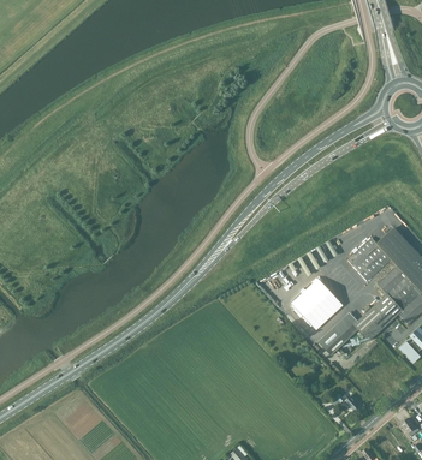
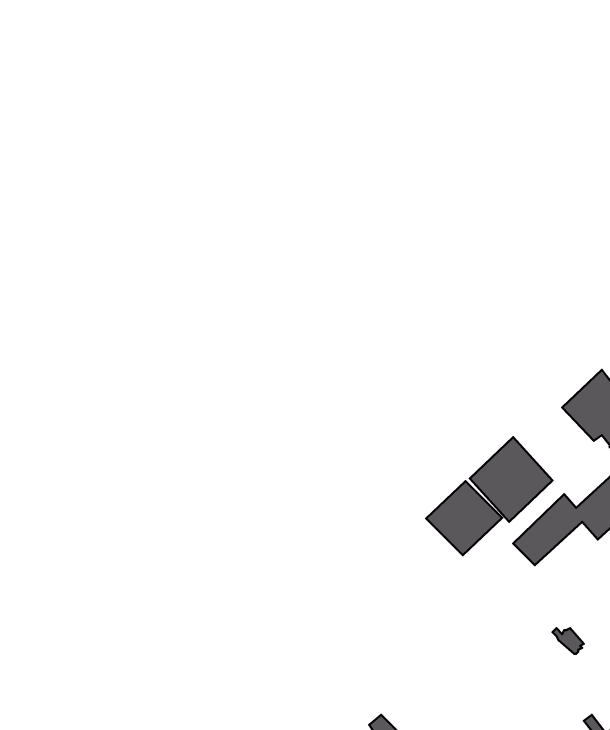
building: none -> [426,481,502,555]

